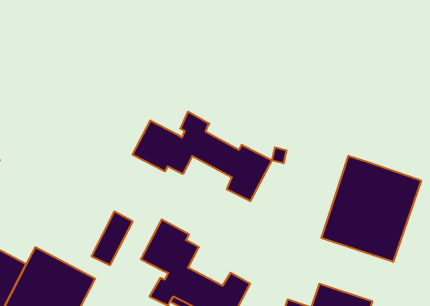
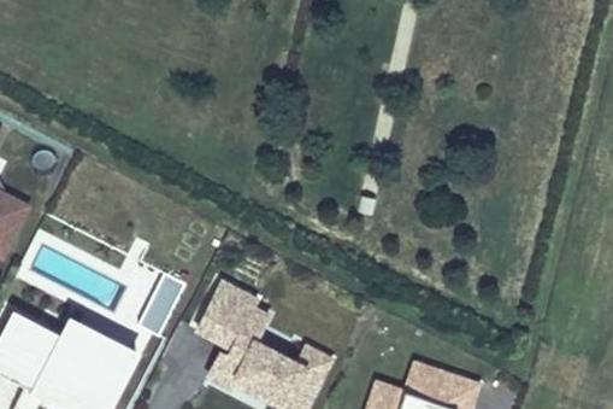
building: [133,112,272,201] -> none
building: [321,156,421,262] -> none

